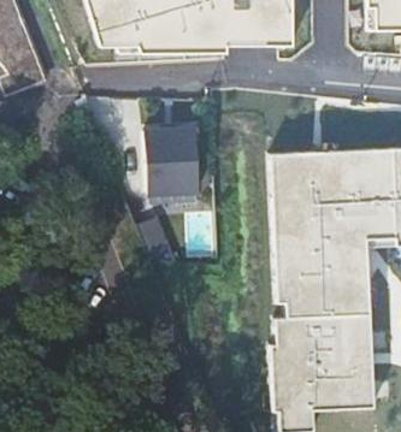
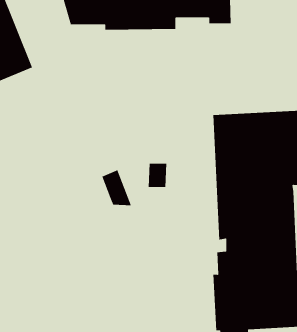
building: [147,130,199,194] -> none

